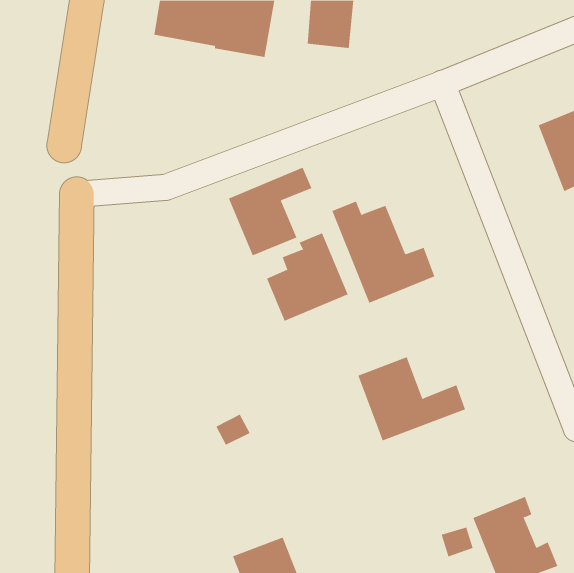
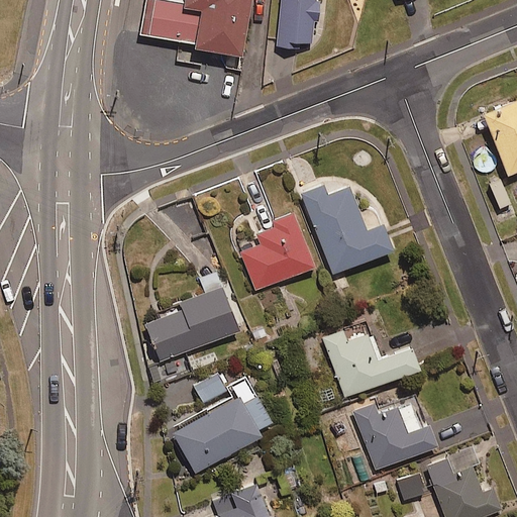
building: [228,167,312,256] -> none
building: none -> [145,274,239,363]
building: none -> [172,389,271,474]
building: none -> [352,389,437,471]

